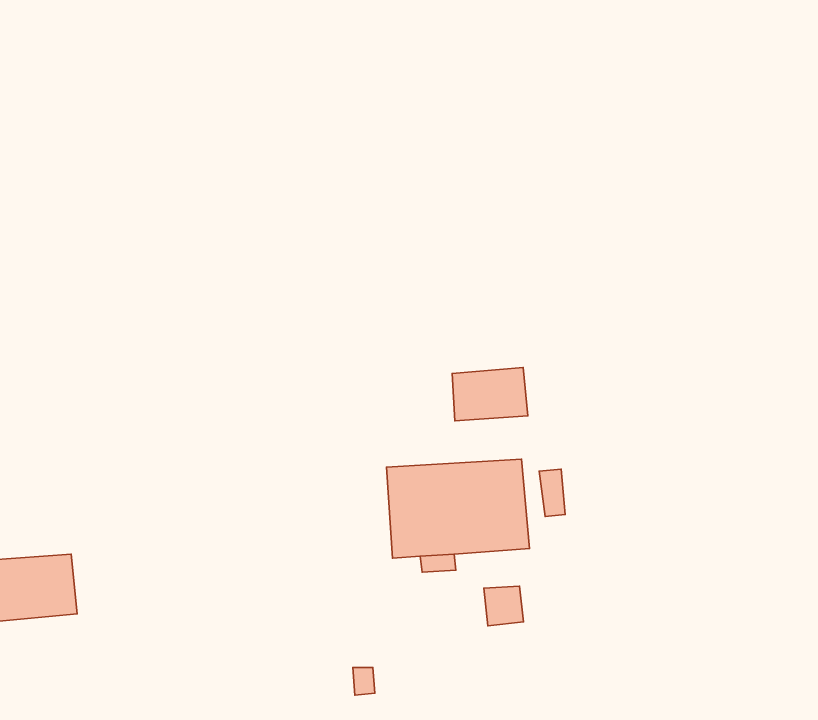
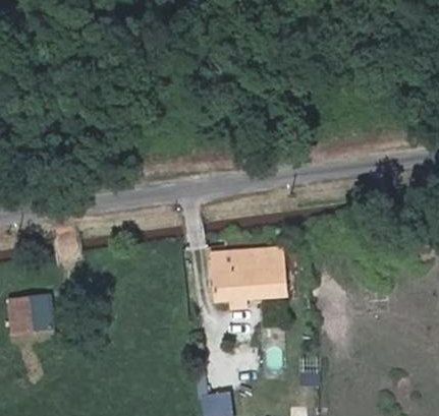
building: [452,368,528,421] -> none

